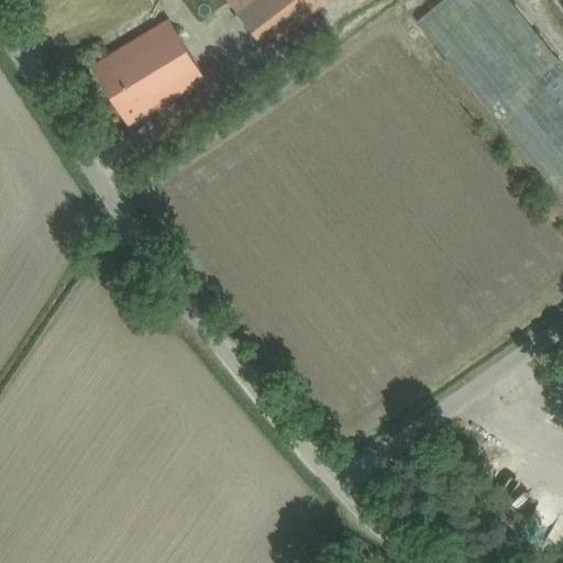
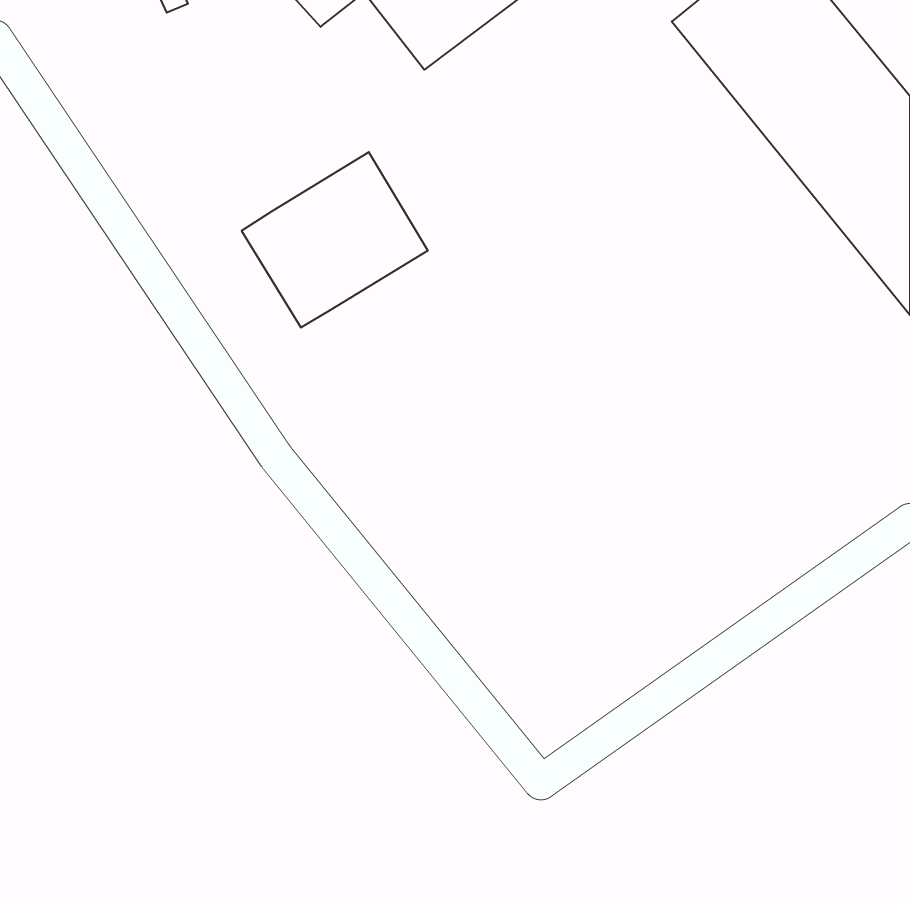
building: [90,10,205,118] -> [242,152,428,327]

